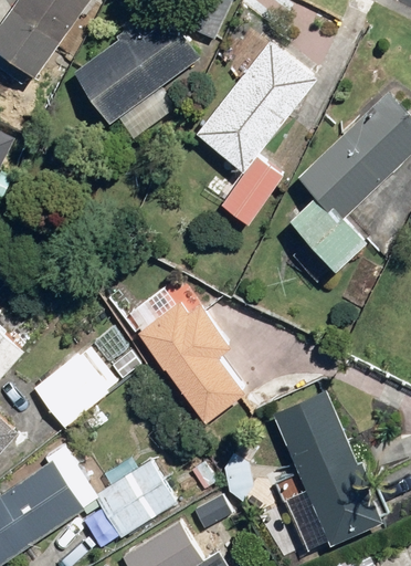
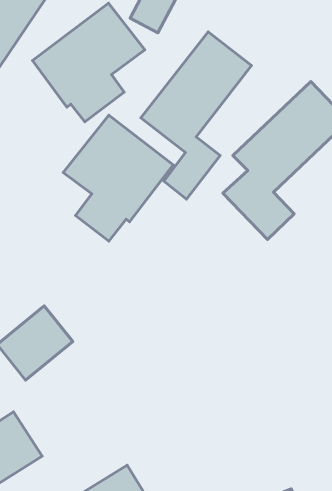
building: none -> [63,115,173,241]
building: [143,277,245,424] -> none
building: [267,380,384,544] -> none
building: [96,461,177,537] -> none

